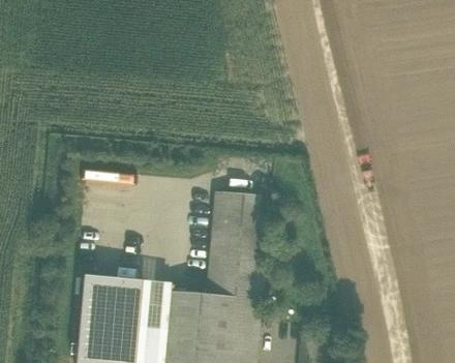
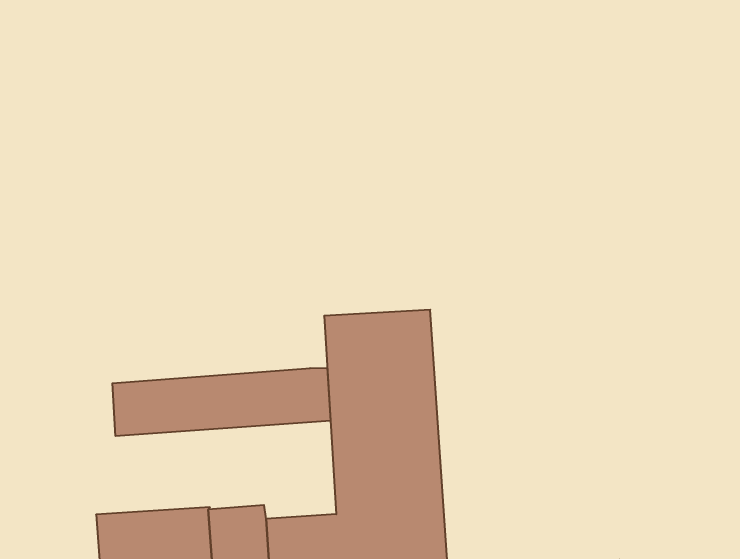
building: none -> [112,368,330,436]

